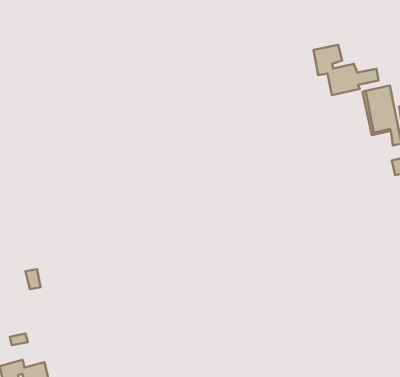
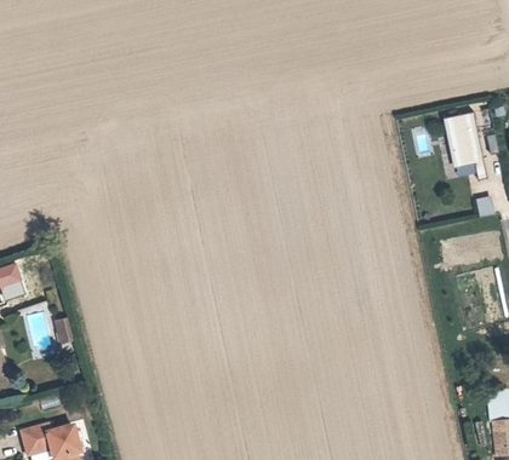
building: [313,45,379,95] -> none

